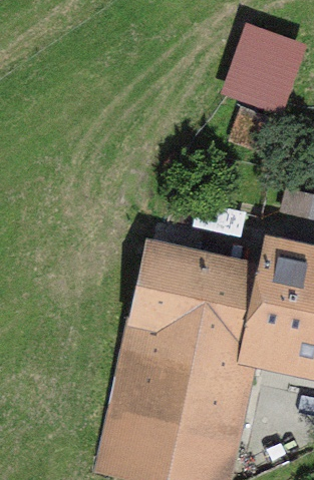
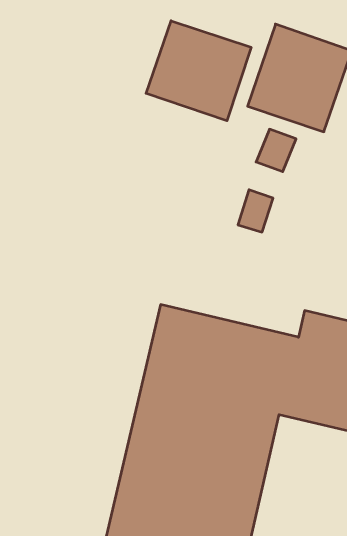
building: none -> [146,21,251,121]

